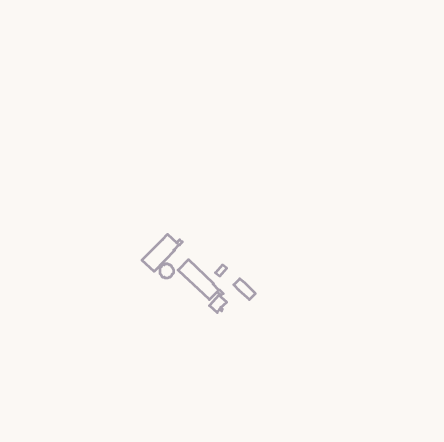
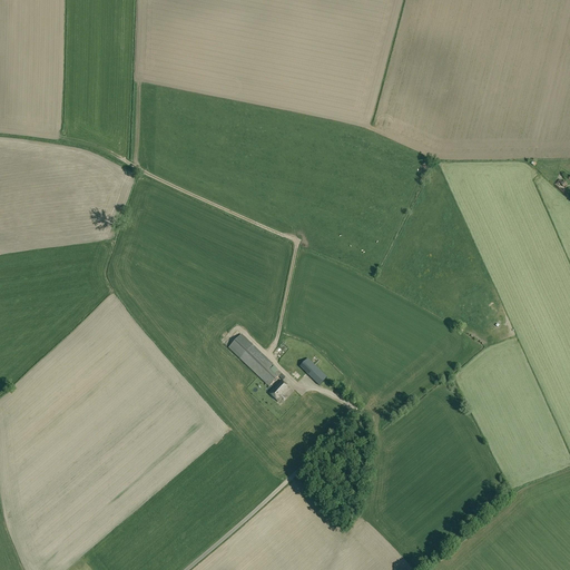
building: [142,234,182,271] -> none

